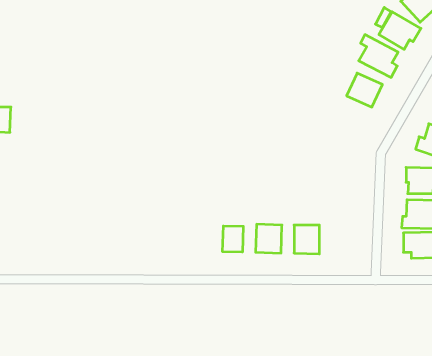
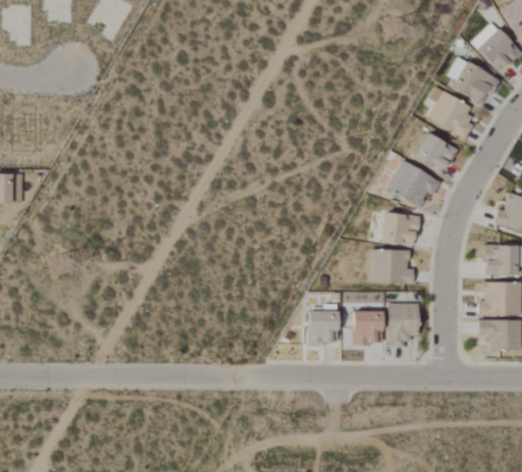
building: none -> [386,159,438,208]
building: none -> [383,212,418,244]
building: none -> [371,248,414,282]
building: none -> [388,302,419,346]
building: [223,226,243,252] -> none

